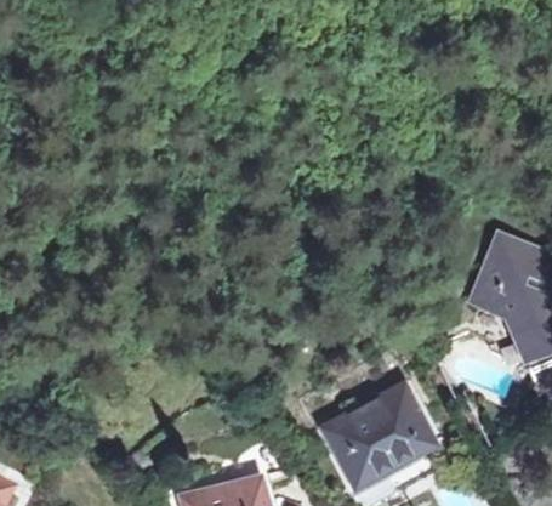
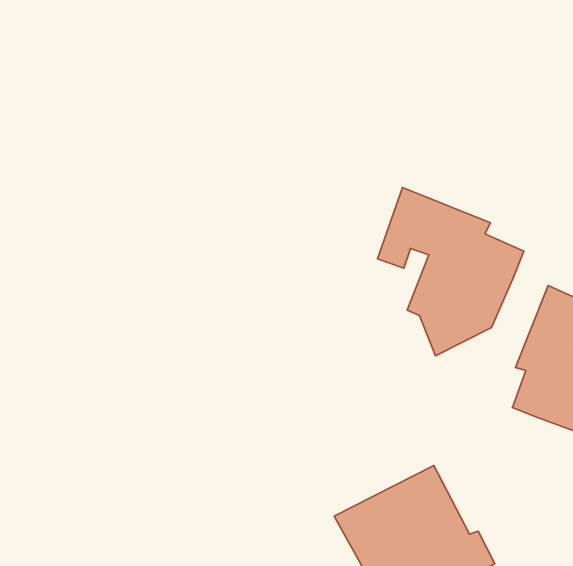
building: none -> [377,188,524,356]

